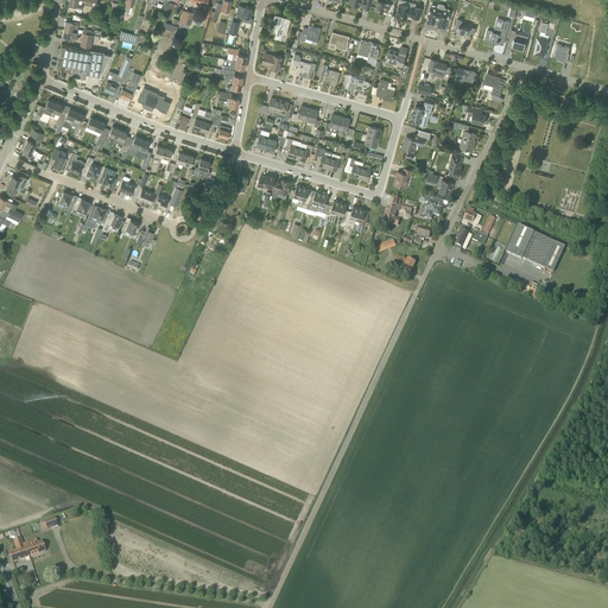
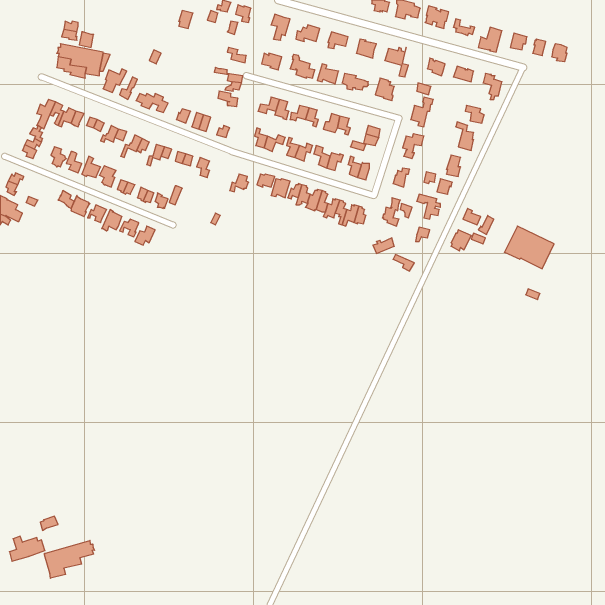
building: none -> [44,540,95,578]

